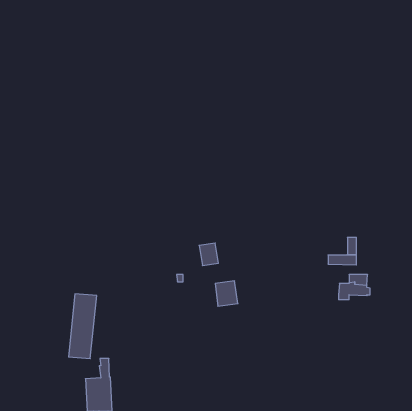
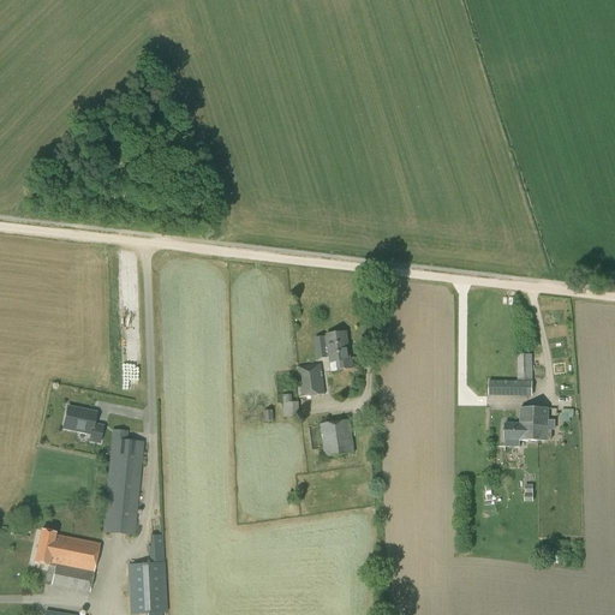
building: none -> [327,330,353,369]
building: none -> [62,405,102,441]
building: none -> [35,530,97,585]

